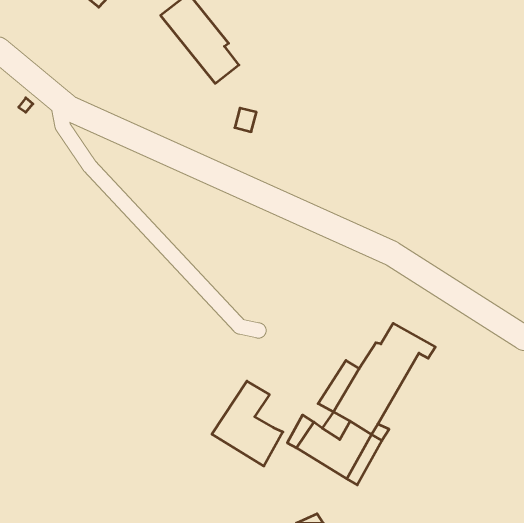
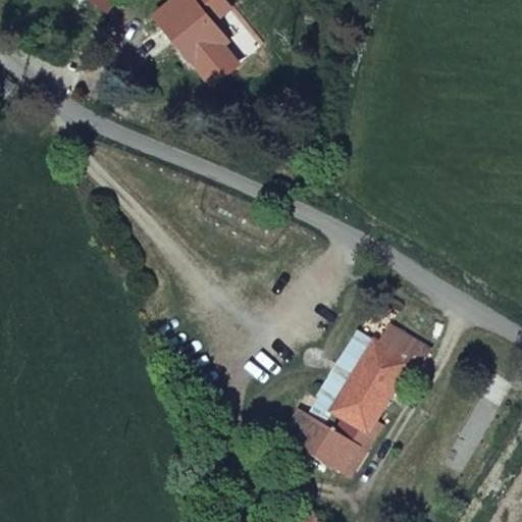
building: [212,381,283,466] -> none

